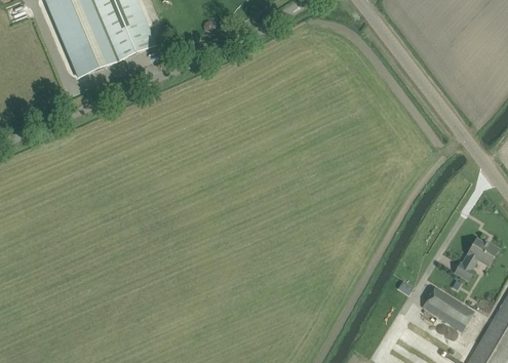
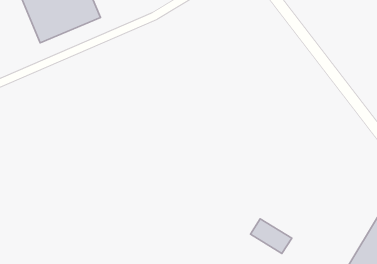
building: [454,238,498,280] -> none
building: [422,287,474,331] -> [250,219,292,254]

